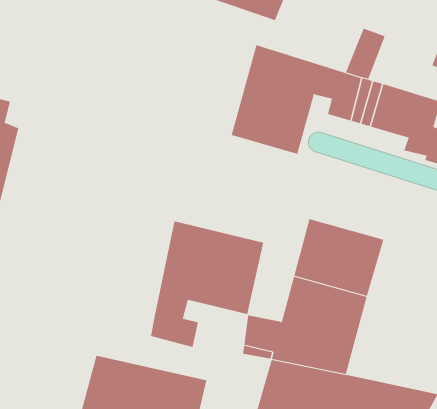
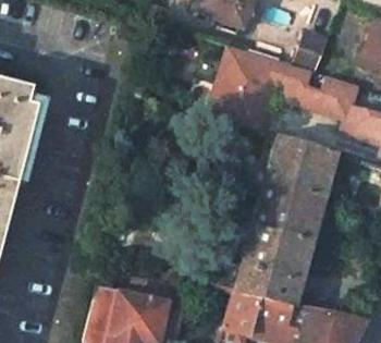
building: none -> [267,136,337,197]
building: [150,221,264,348] -> none

